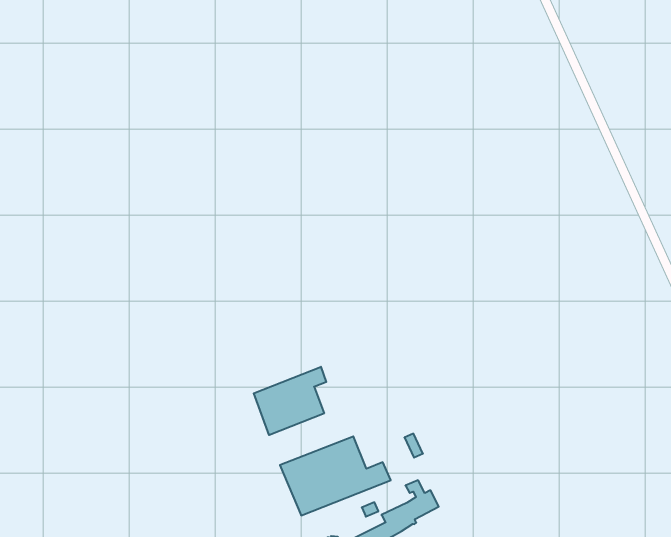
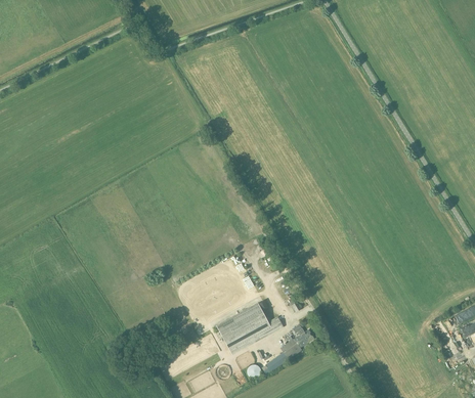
building: [254,367,326,435] -> none

